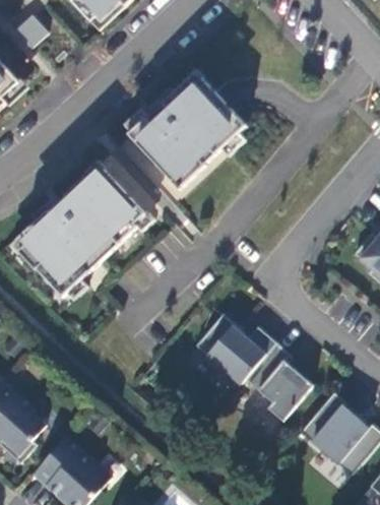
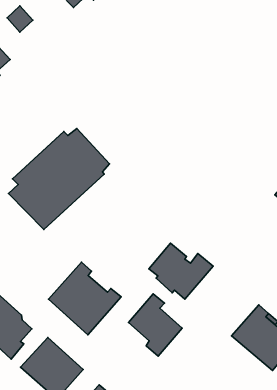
building: [127,77,246,190] -> none
building: none -> [48,262,121,335]
building: [244,343,312,423] -> [128,294,182,356]

